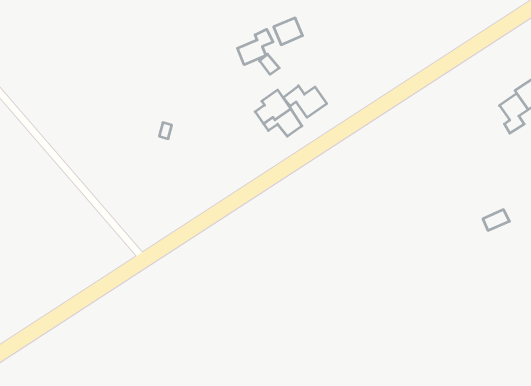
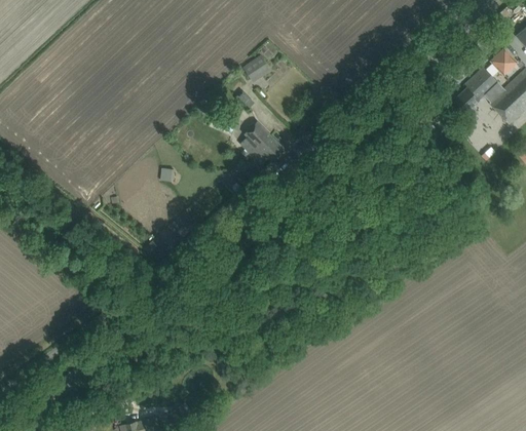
building: [237,29,273,65] -> none
building: [283,86,327,117] -> none

